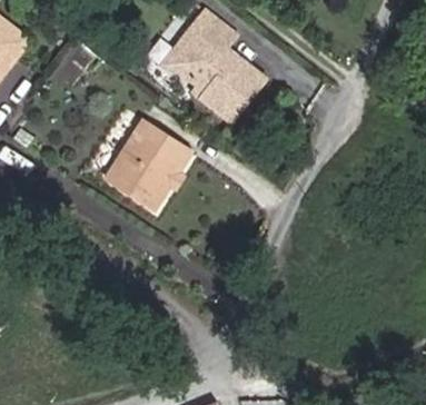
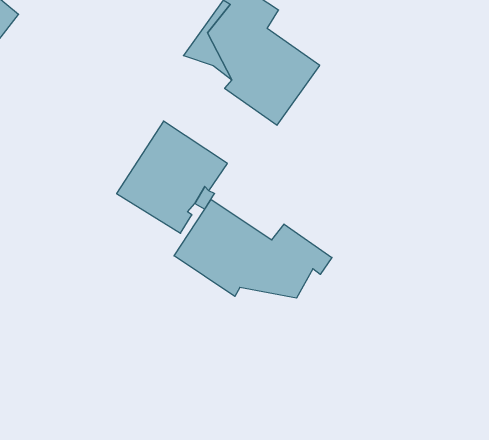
building: none -> [174,199,332,298]

